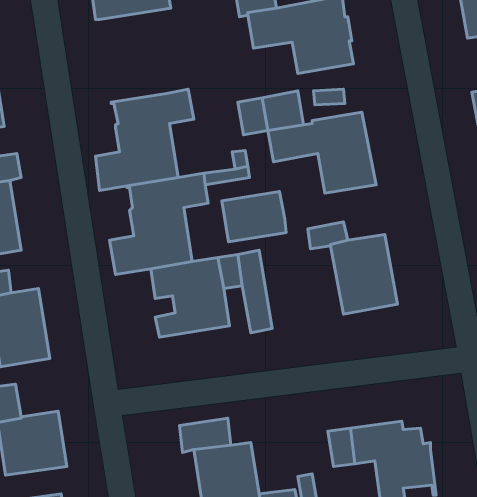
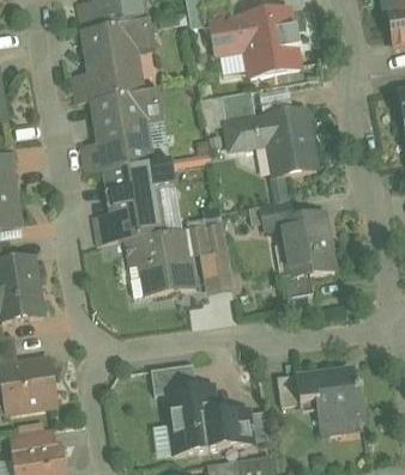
building: none -> [72,19,155,102]
building: [222,191,286,242] -> none

